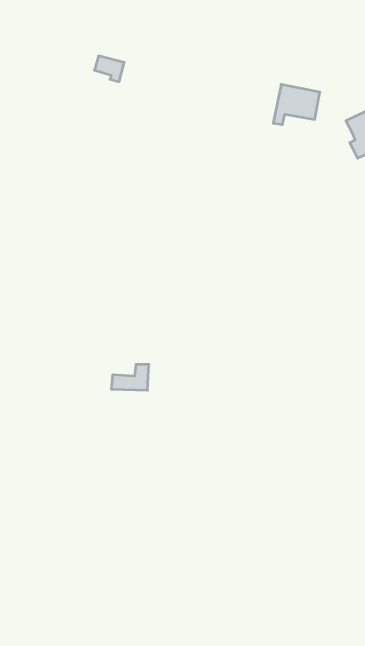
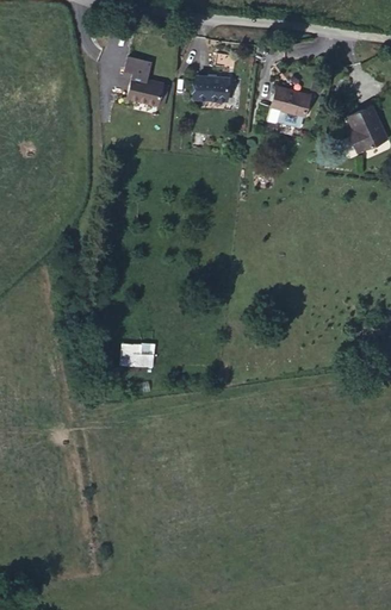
building: none -> [190,75,225,101]
building: none -> [124,76,160,106]

